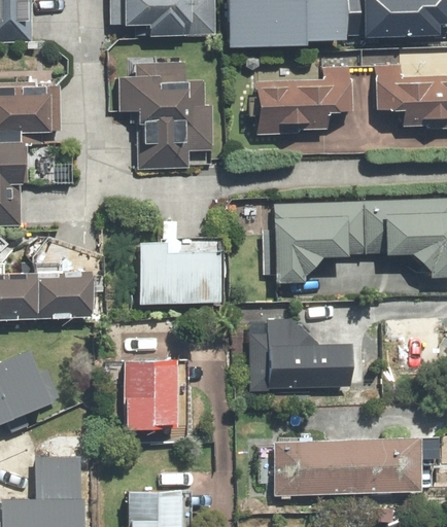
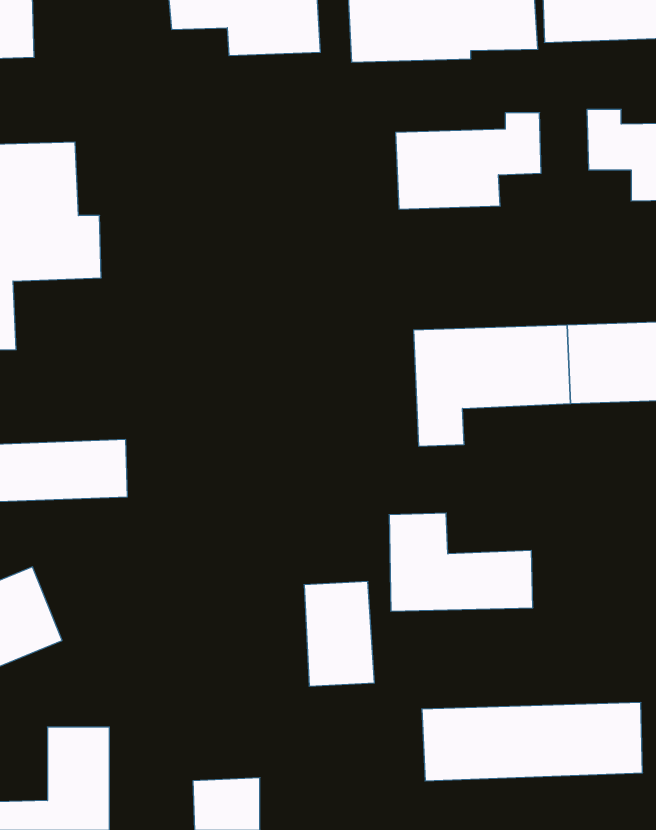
building: [123,63,212,168] -> none
building: [142,242,217,302] -> none
building: [127,362,171,428] -> [304,582,374,686]

